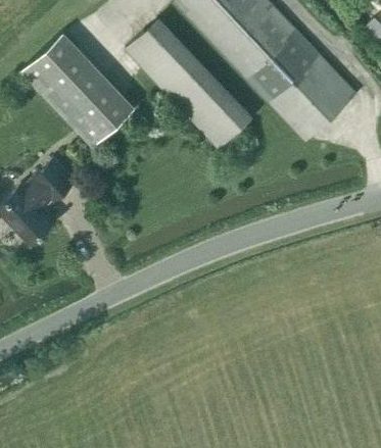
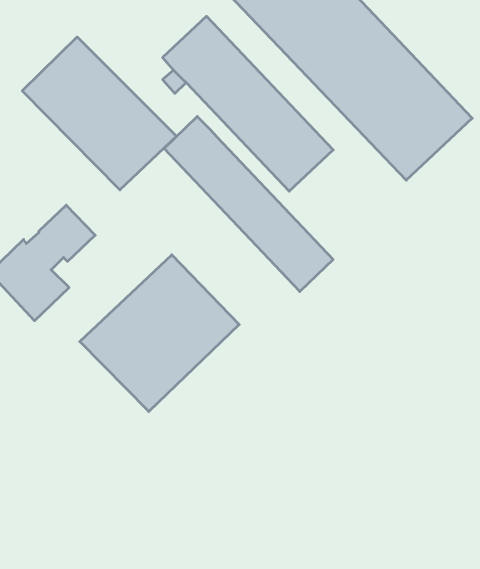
building: none -> [164,116,333,292]
building: none -> [80,255,239,412]

